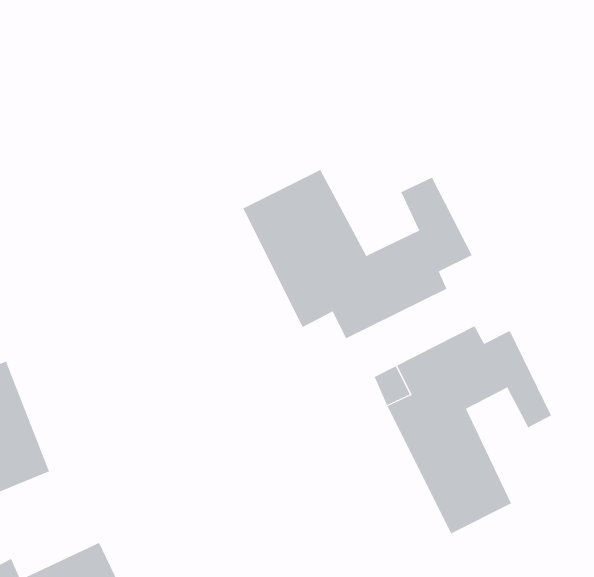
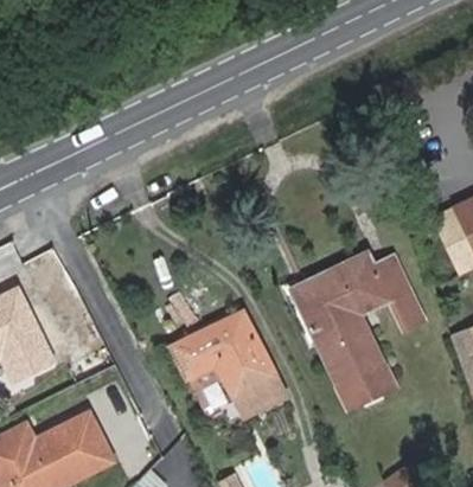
building: [243,169,472,339] -> none
building: none -> [167,312,287,419]

